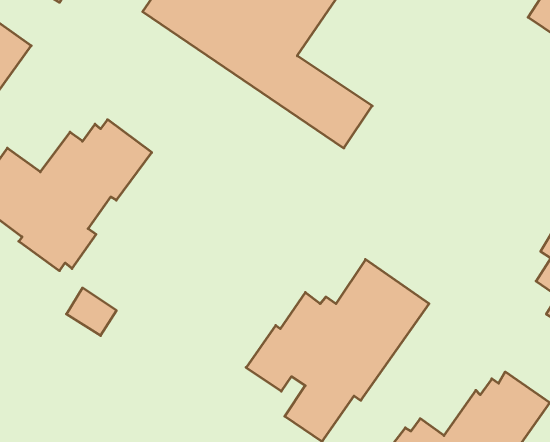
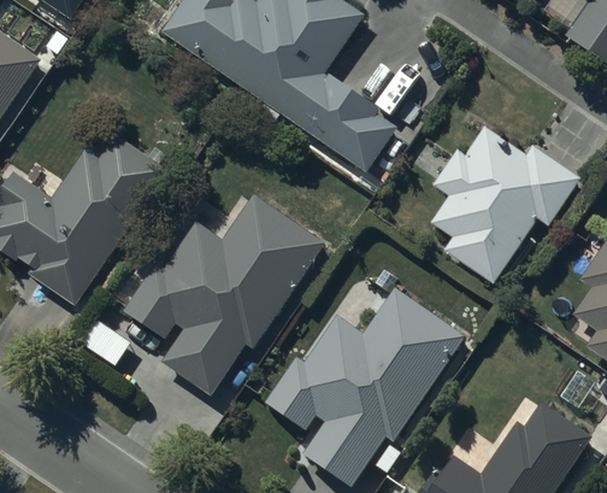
building: none -> [432,127,578,290]
building: none -> [128,198,322,394]

